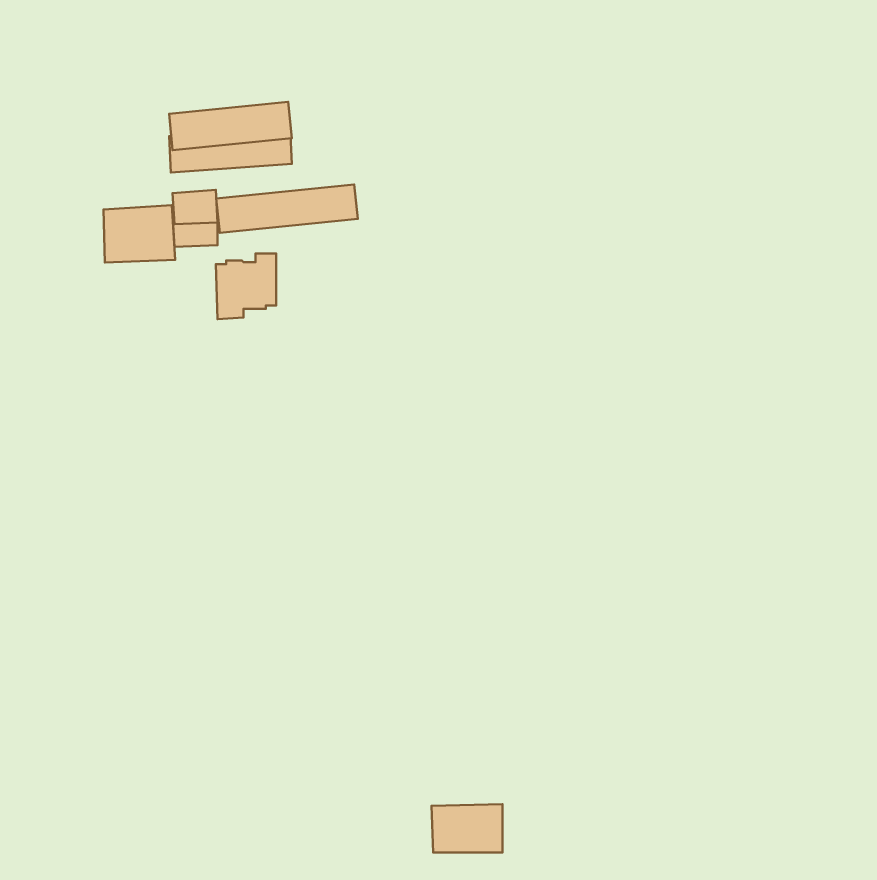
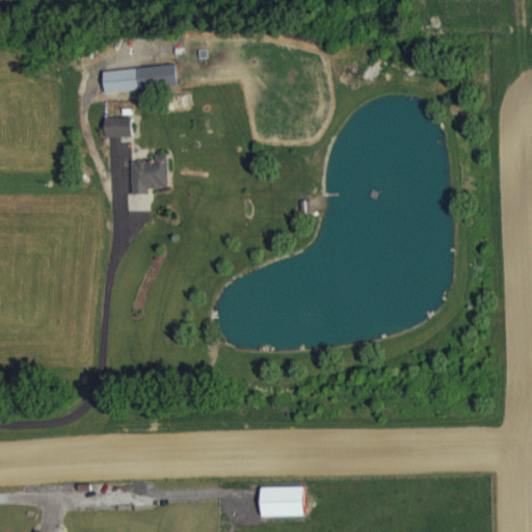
building: [216,184,358,233] -> none
building: [103,205,175,263] -> none

